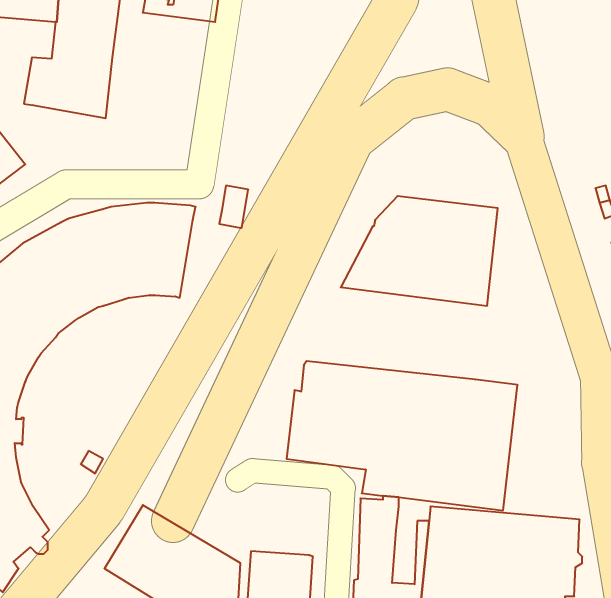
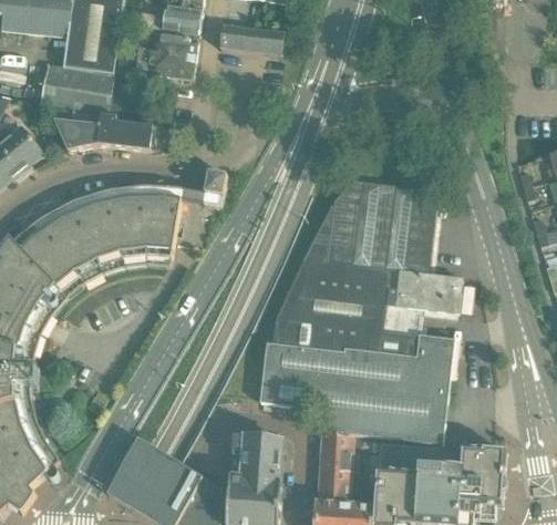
building: none -> [220,23,283,54]
building: none -> [137,33,198,78]
building: none -> [47,103,164,150]
building: none -> [276,256,461,333]
building: none -> [229,434,281,481]

